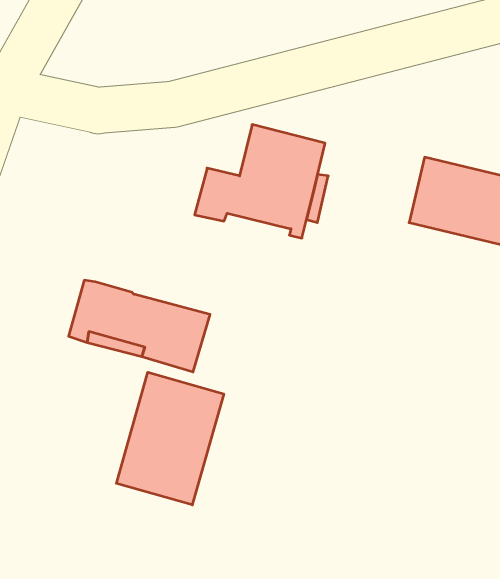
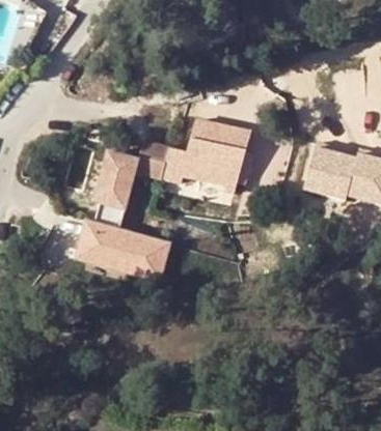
building: none -> [96,141,170,231]
building: [116,372,224,505] -> none

